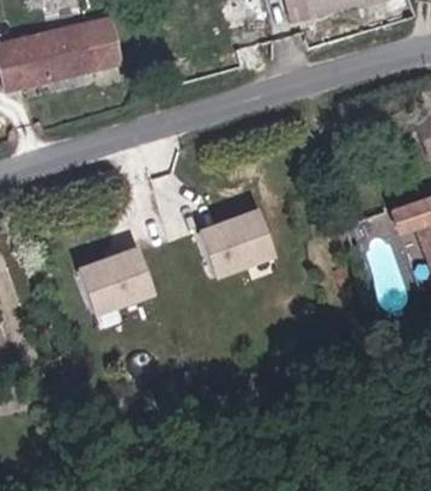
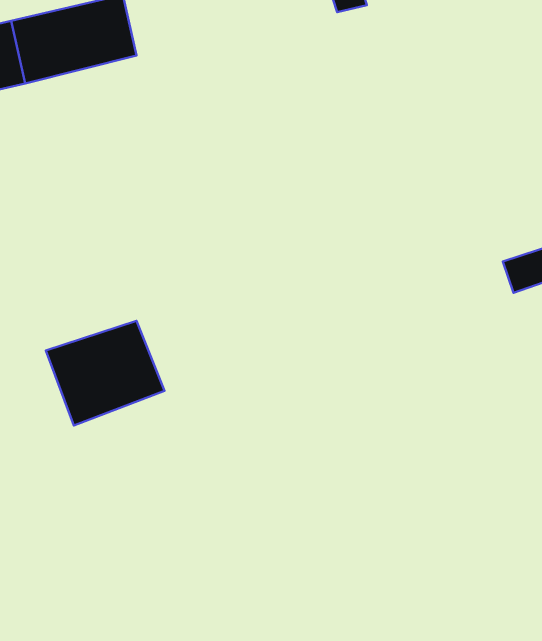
building: [198,206,277,277] -> none

